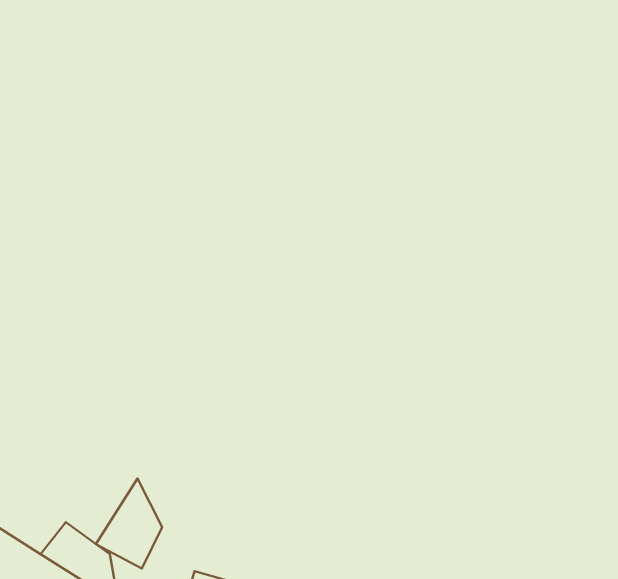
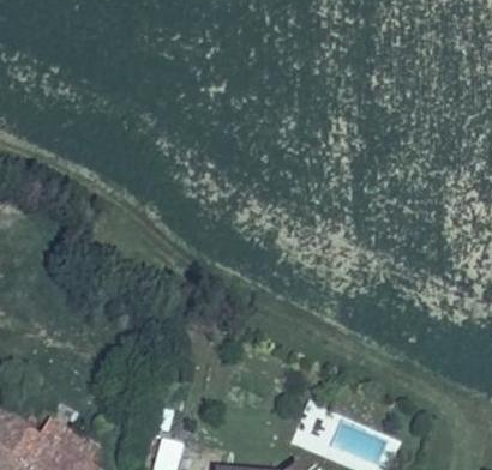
building: [96,478,162,569] -> none

